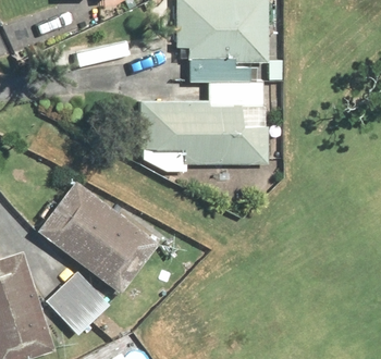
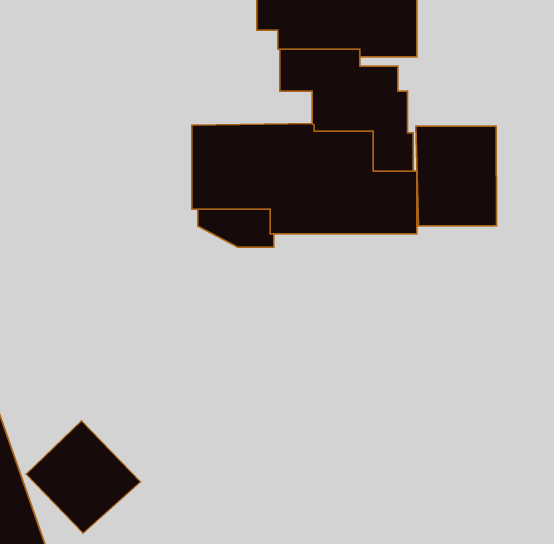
building: none -> [416,126,496,226]
building: [37,183,158,295] -> none

